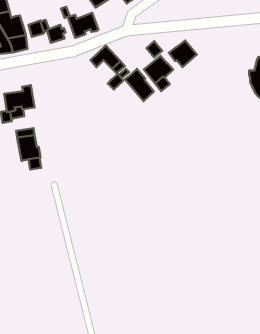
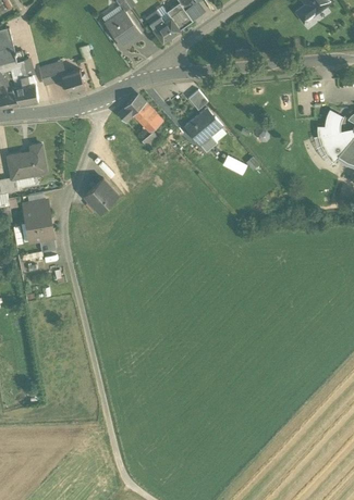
building: [68,13,98,38] -> none
building: [169,41,197,67] -> none
building: [125,69,154,101] -> none
building: none -> [83,178,115,212]

